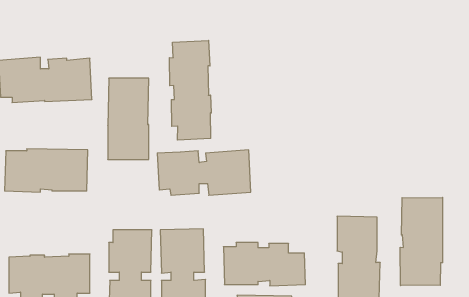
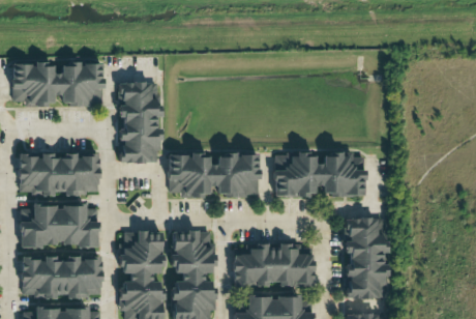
building: [169,40,211,140] -> none
building: none -> [274,153,365,197]
building: [400,197,443,286] -> none
building: none -> [19,203,98,249]

